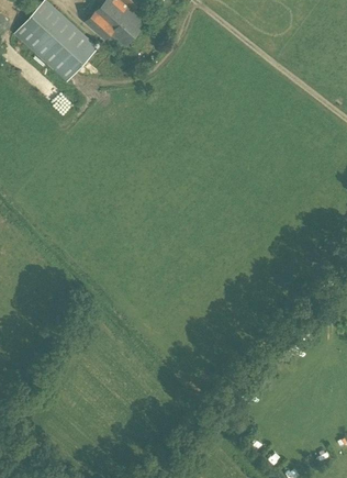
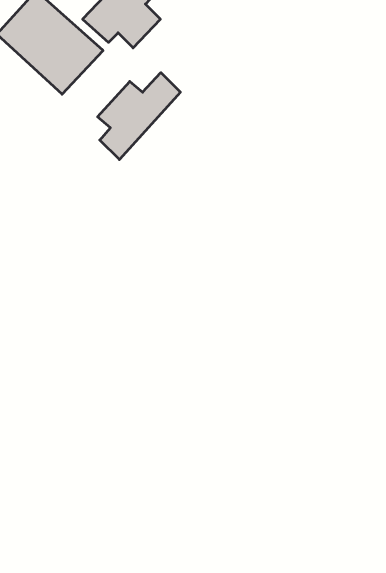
building: none -> [98,73,180,160]

